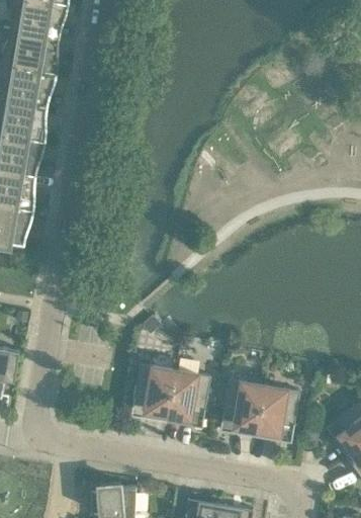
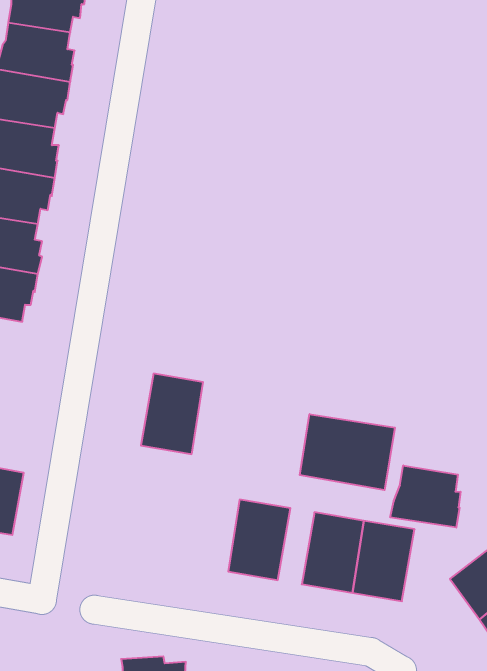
building: none -> [300,414,395,490]
building: none -> [390,465,461,528]
building: [130,364,175,422] -> [141,374,203,454]

